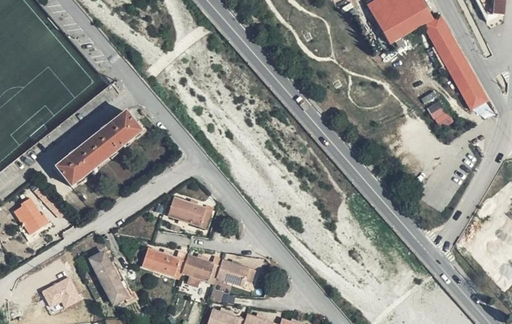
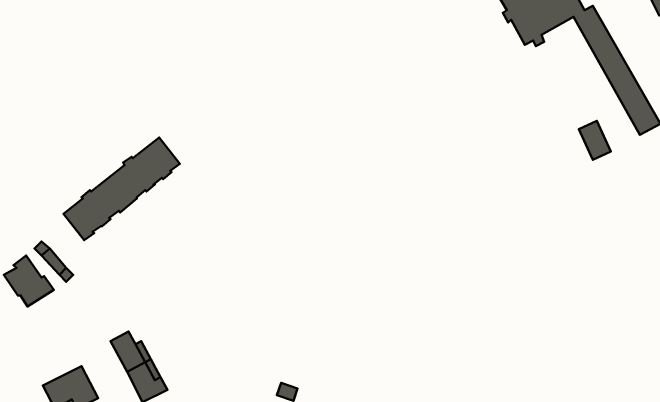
building: [169,197,212,226] -> none
building: [142,248,254,286] -> none

